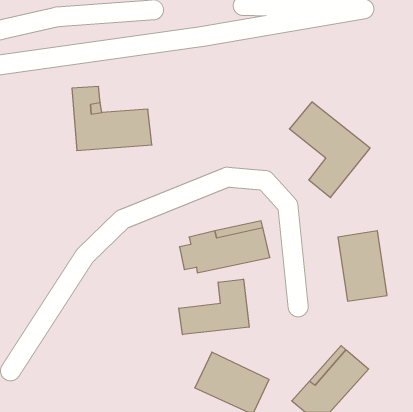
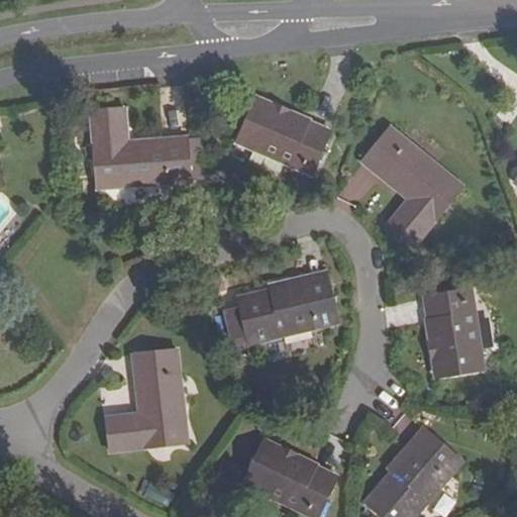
building: none -> [236,97,330,172]
building: [179,279,249,335] -> none
building: none -> [105,349,187,450]

